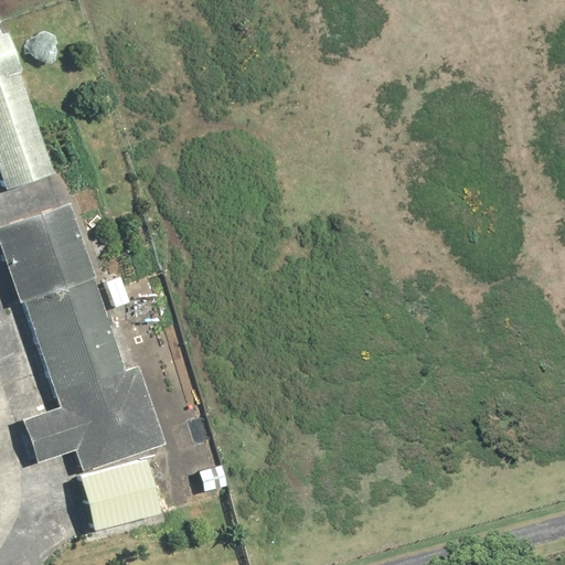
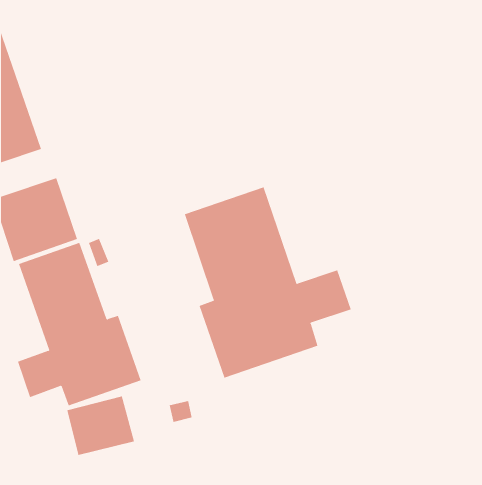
building: none -> [184,186,352,379]

